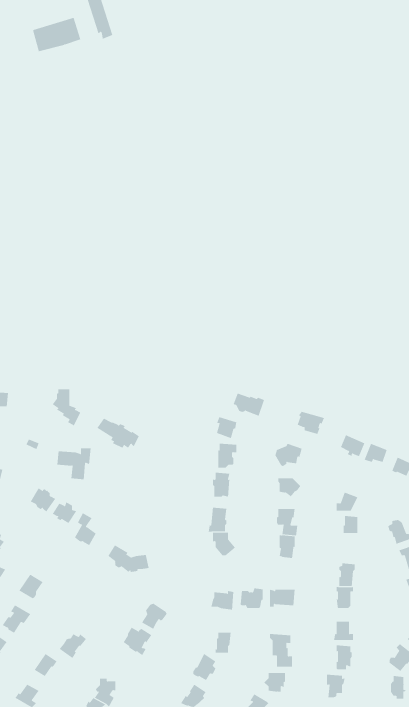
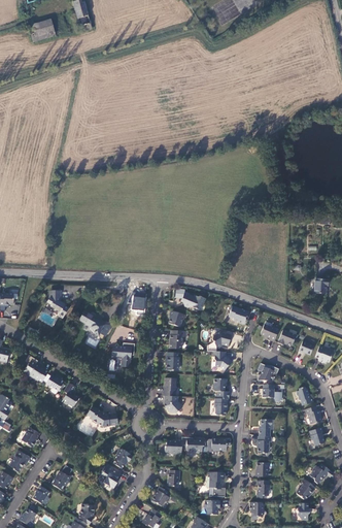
building: [57,448,91,480] -> [109,342,135,366]

